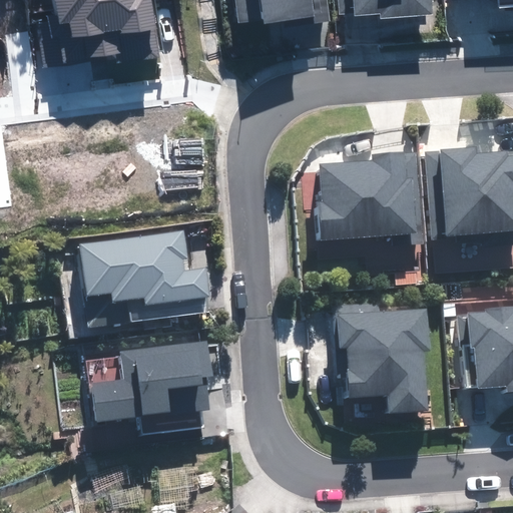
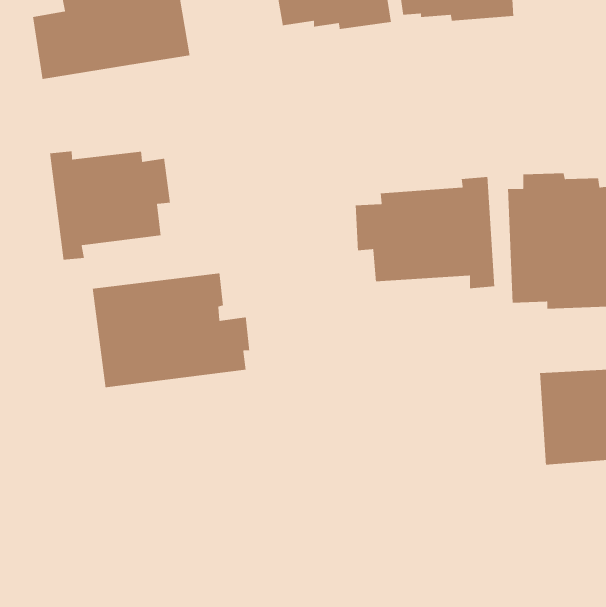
building: none -> [49,151,171,261]
building: [335,304,430,414] -> none
building: [94,339,214,434] -> none

